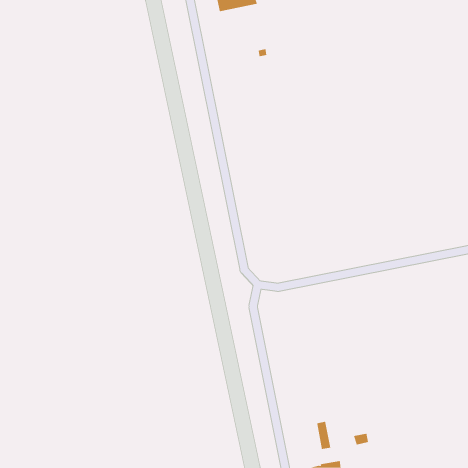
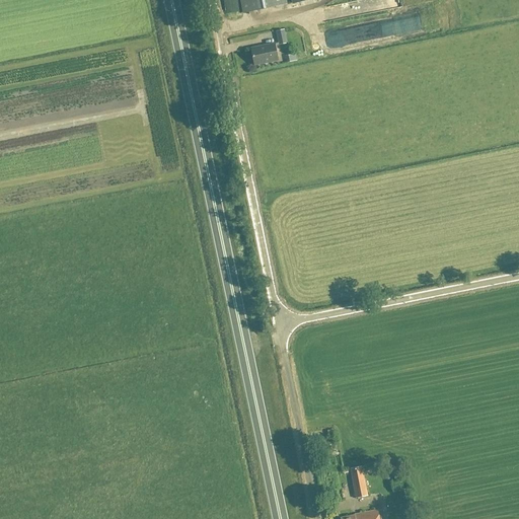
building: none -> [249,43,277,65]

